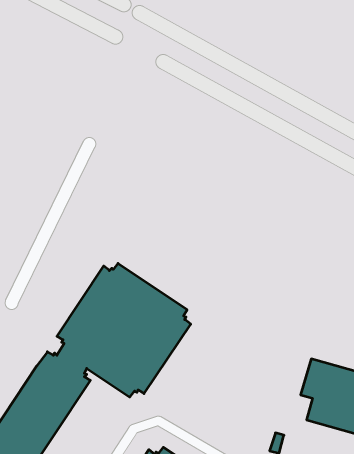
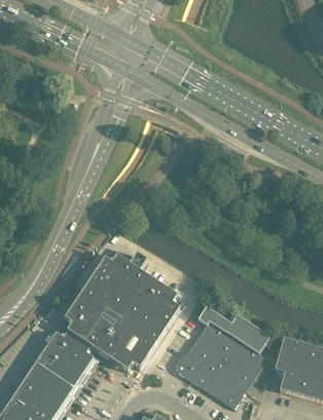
building: none -> [182,305,268,407]

